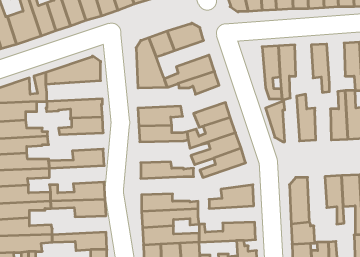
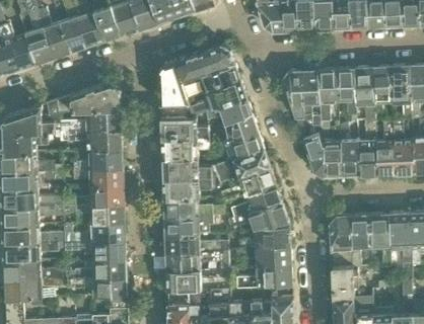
building: none -> [184,65,240,100]
building: none -> [371,68,392,112]
building: none -> [336,70,357,122]
building: none -> [282,72,322,140]
building: none -> [60,109,122,133]
building: none -> [219,114,259,145]
building: none -> [161,116,209,140]
building: none -> [358,122,376,175]
building: none -> [323,127,341,177]
building: none -> [74,167,123,187]
building: none -> [163,175,220,200]
building: none -> [226,200,289,230]
building: none -> [63,204,124,224]
building: none -> [164,216,213,236]
building: none -> [350,216,371,268]
building: none -> [236,248,291,267]
building: none -> [66,259,126,280]

